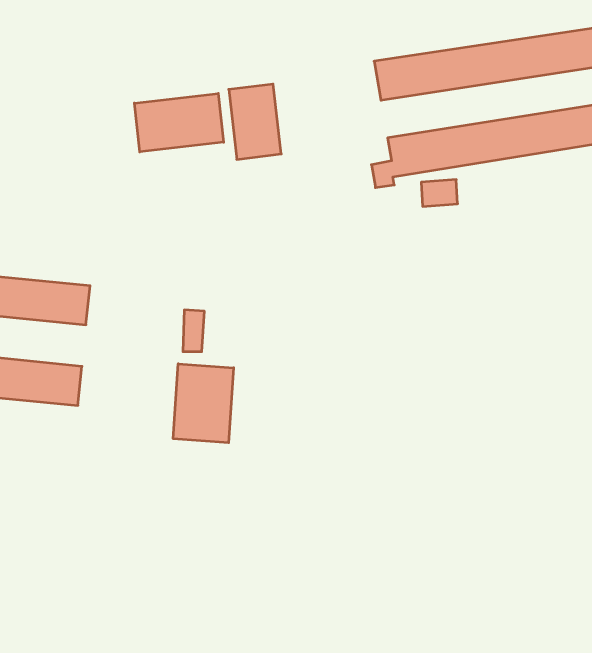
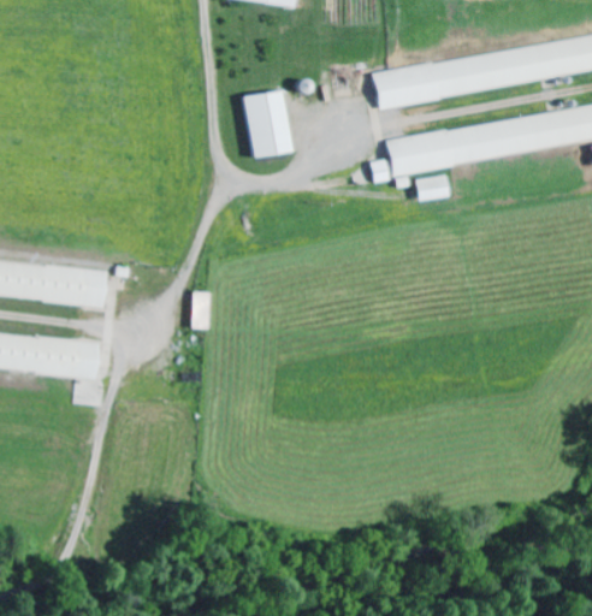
building: [134,93,224,152] -> none
building: [173,364,234,443] -> none

